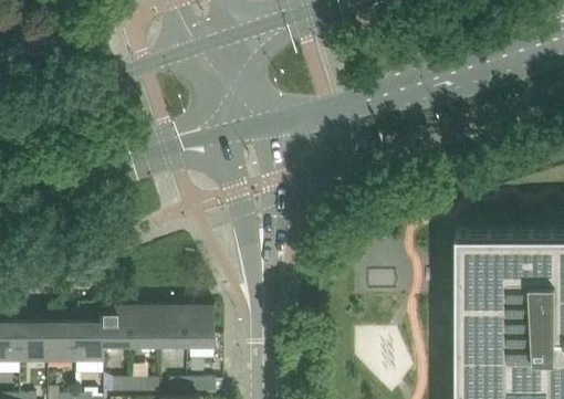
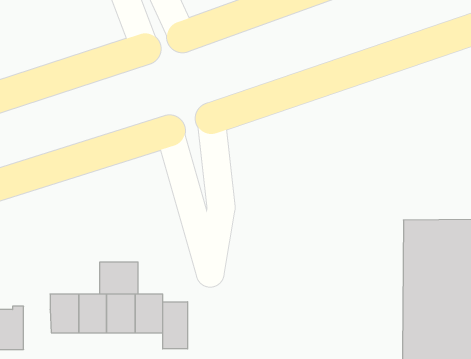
building: none -> [100,262,138,294]
building: none -> [163,302,188,349]
building: [75,319,103,363] -> none

